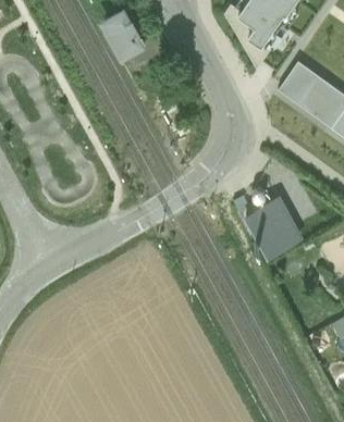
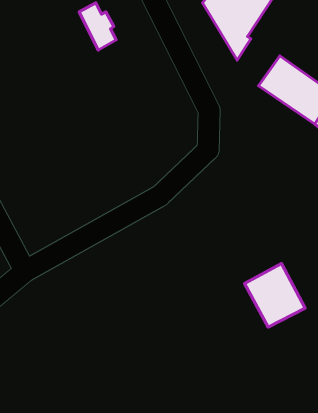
building: [245,196,304,258] -> [244,263,305,327]

